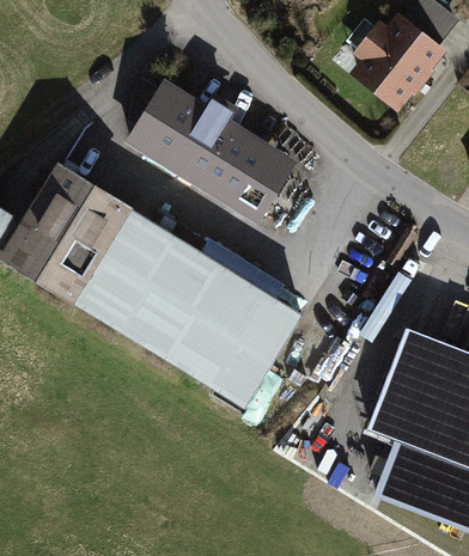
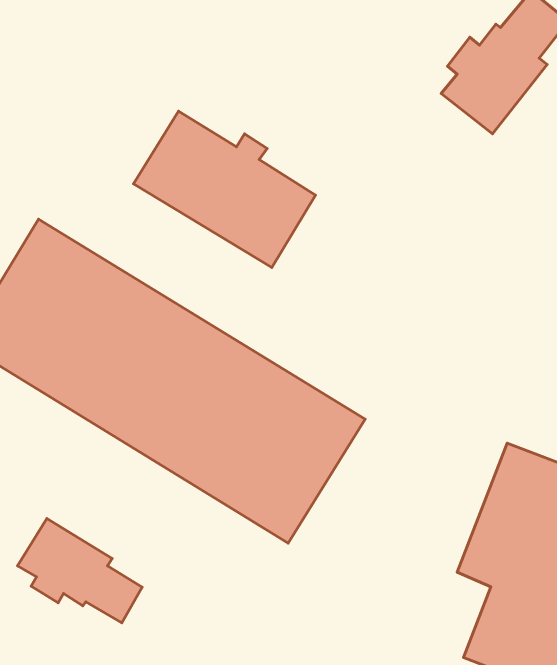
building: [233,148,291,218] -> none
building: none -> [18,518,142,623]

